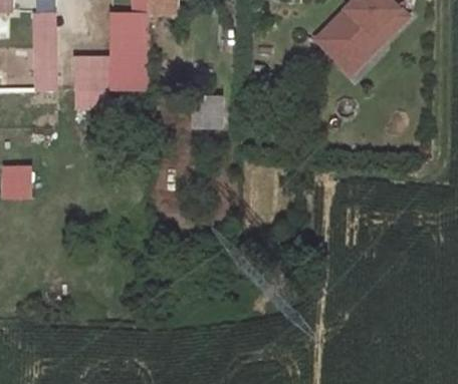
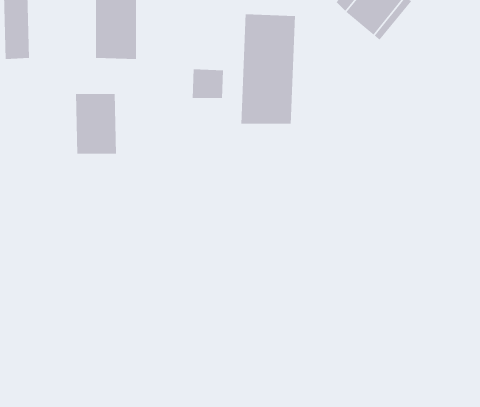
building: none -> [241,13,296,125]
building: [74,57,109,108] -> [75,93,117,154]

